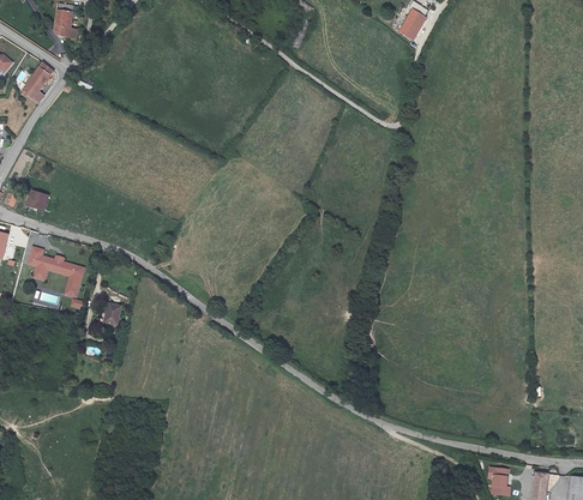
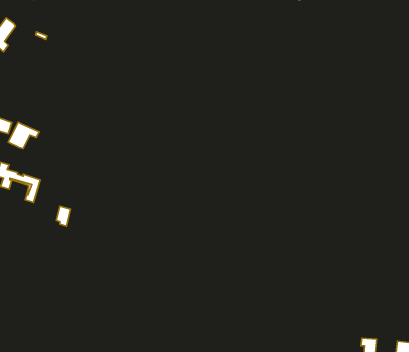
building: none -> [8,122,39,148]

